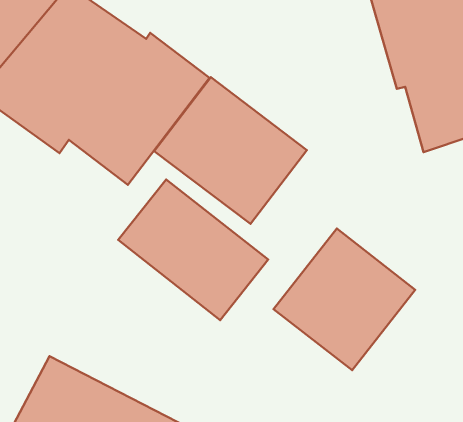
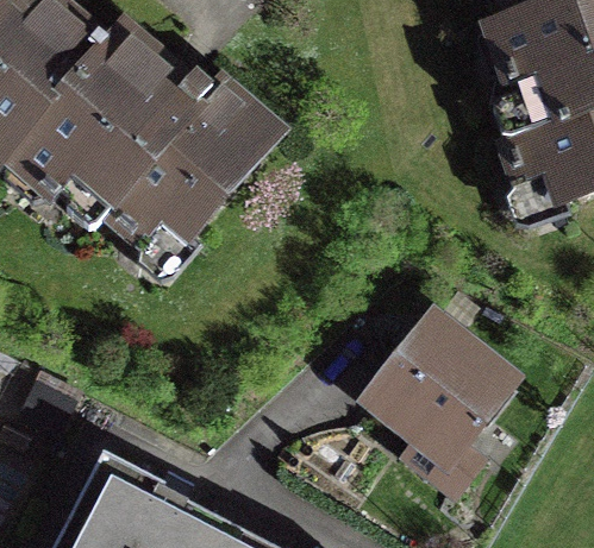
building: [154,77,307,224] -> none
building: [118,179,268,320] -> none

